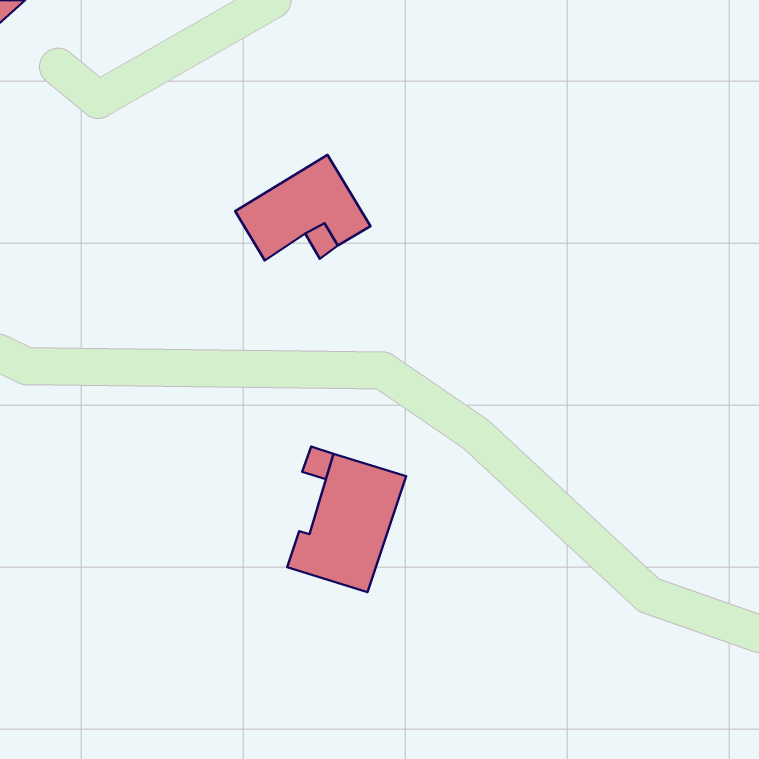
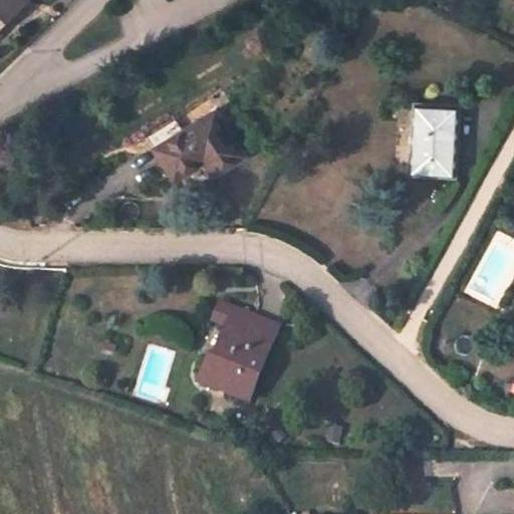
building: none -> [409,99,459,177]

